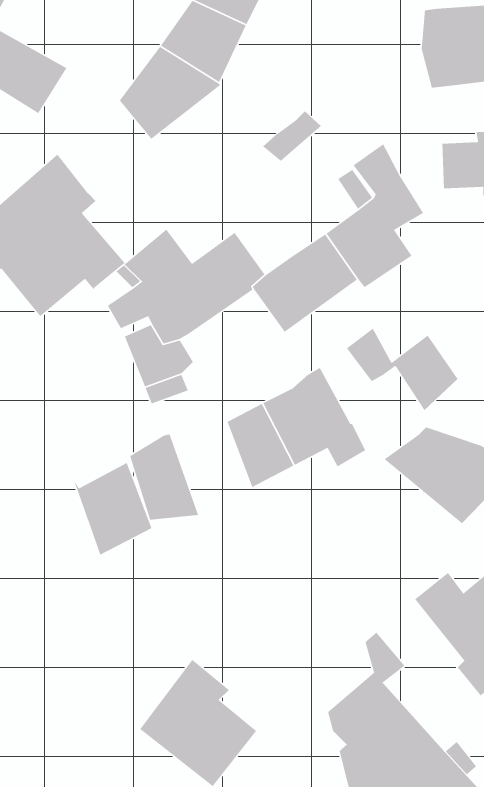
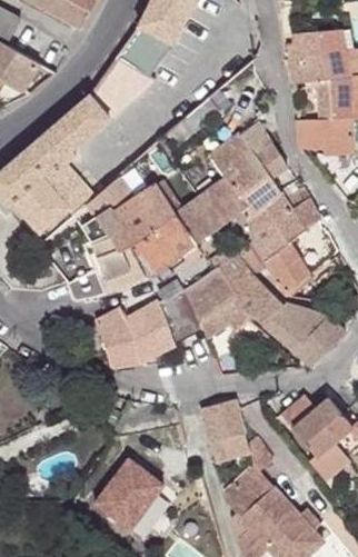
building: none -> [48,92,109,152]
building: none -> [245,188,320,262]
building: none -> [133,216,196,273]
building: none -> [219,253,284,326]
building: [71,462,153,556] -> [121,301,175,362]
building: none -> [200,398,248,456]

